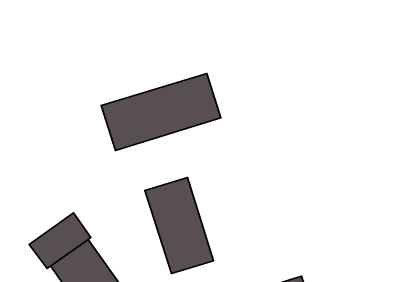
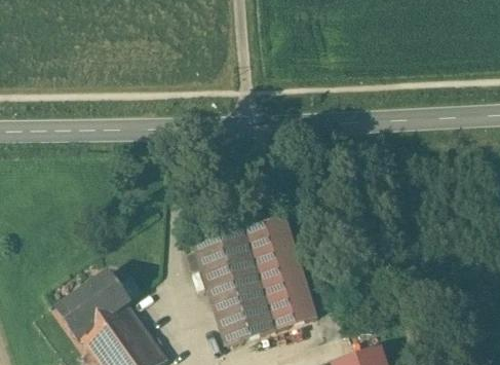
building: [101,74,221,150] -> none
building: none -> [244,216,315,328]

